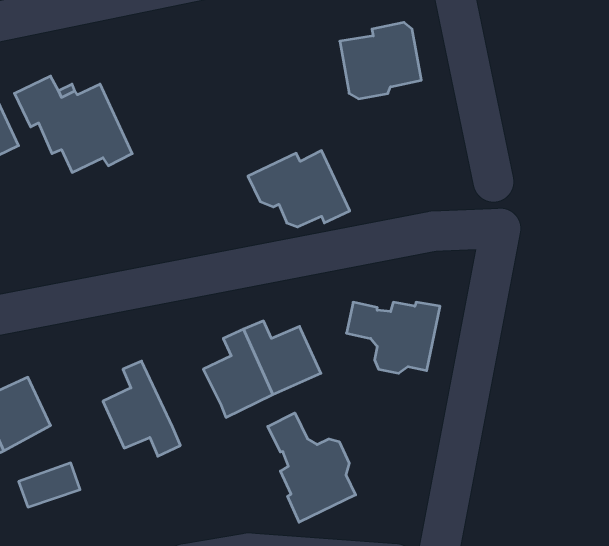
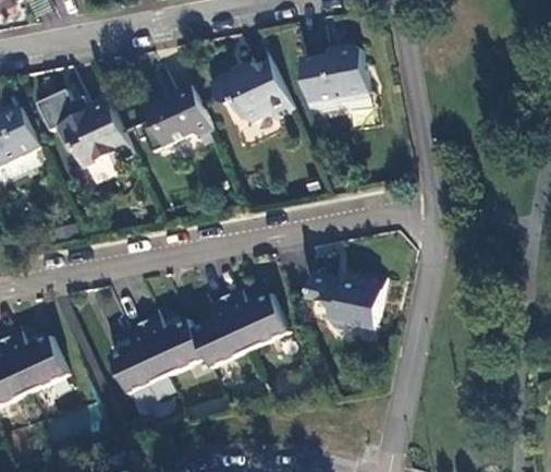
building: none -> [147,84,213,143]
building: [248,151,350,227] -> [210,59,293,121]
building: none -> [140,313,205,374]
building: [268,413,356,522] -> none

